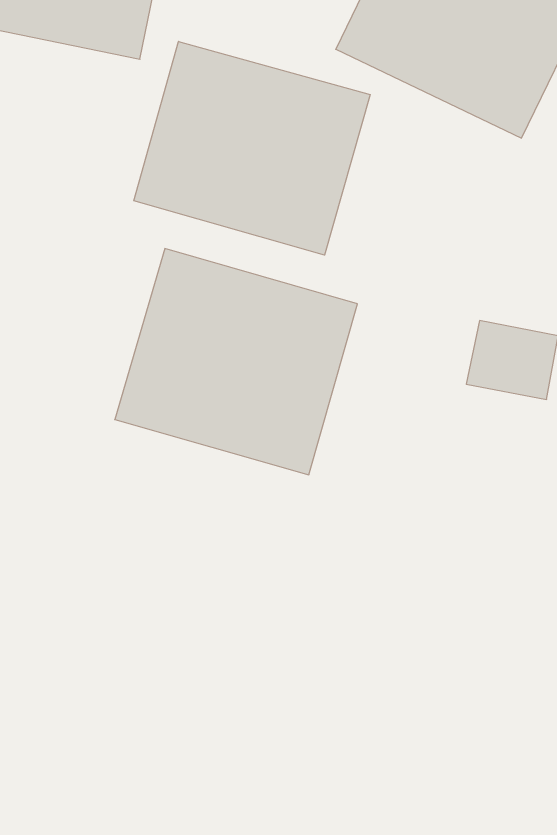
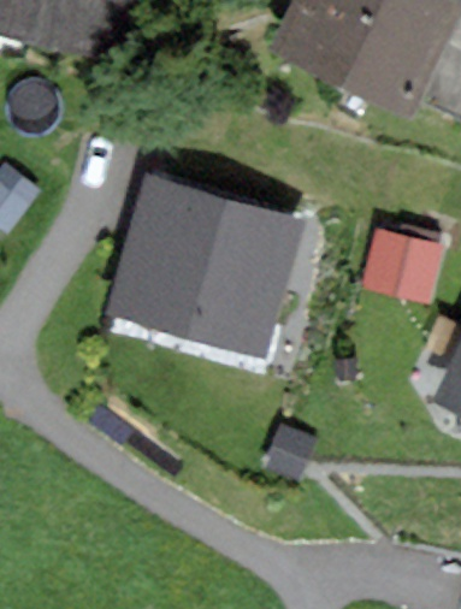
building: [134,41,370,255] -> none

